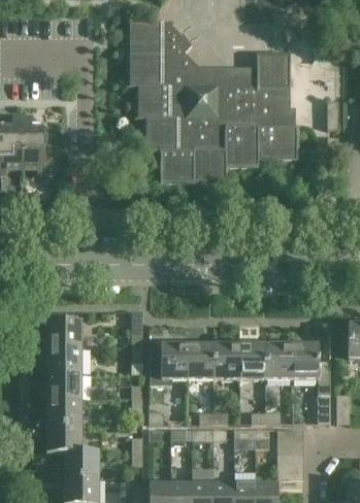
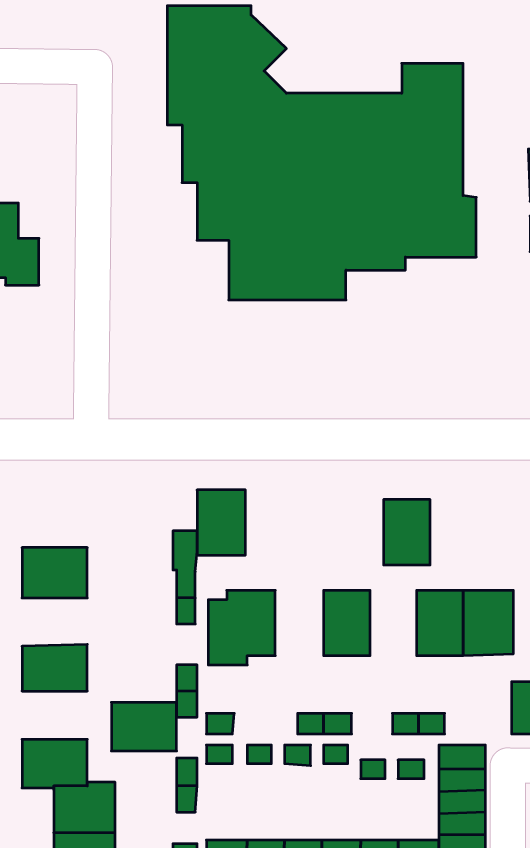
building: [187,343,214,379] -> [197,490,245,555]
building: [239,343,265,379] -> [384,500,430,565]
building: [46,347,83,374] -> none
building: [46,399,83,426] -> [111,702,177,751]

